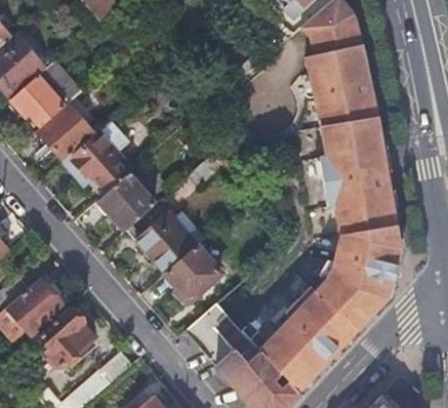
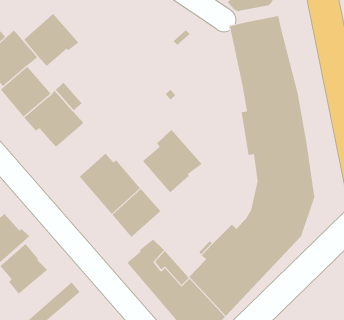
building: none -> [23,13,79,67]
building: [99,172,160,233] -> none
building: none -> [142,129,202,193]

